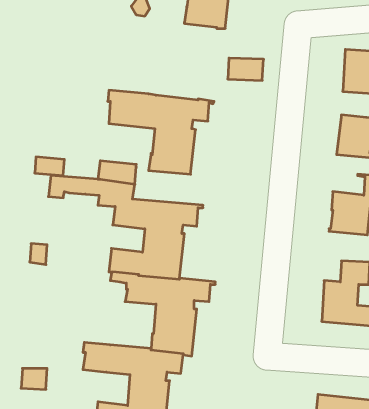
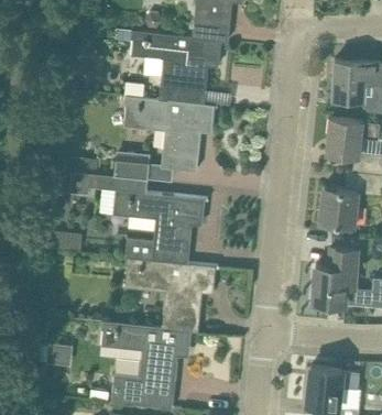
building: none -> [131,31,220,106]

